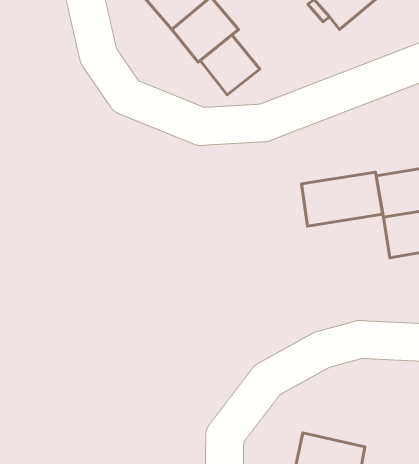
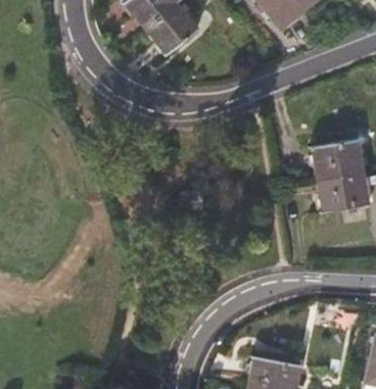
building: [200,35,260,95] -> none
building: [302,172,383,226] -> none

